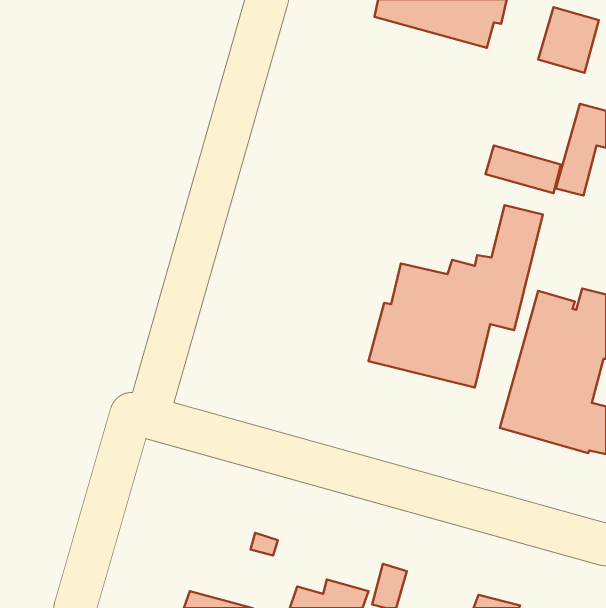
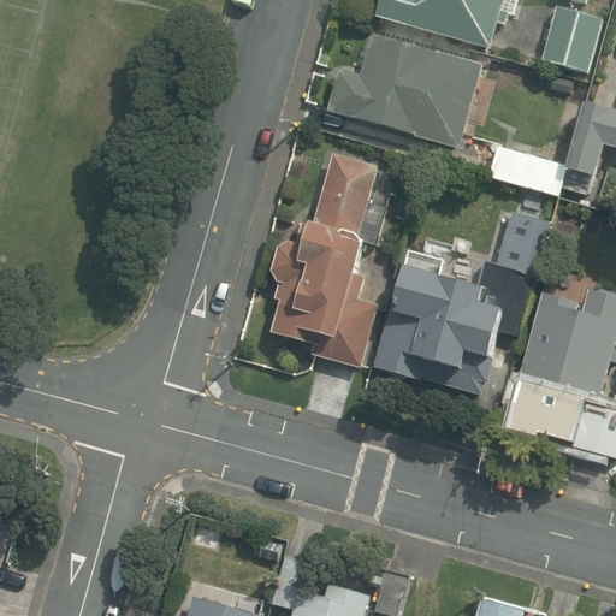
building: none -> [330,34,484,149]
building: none -> [268,150,375,365]

